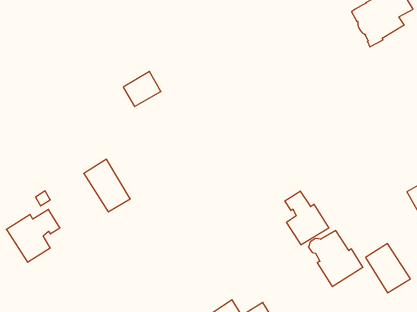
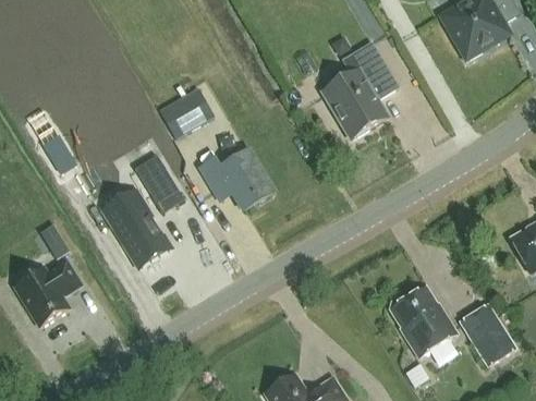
building: none -> [324,41,398,136]
building: none -> [202,150,270,206]
building: none -> [135,155,184,214]
building: [285,191,329,245] -> none

